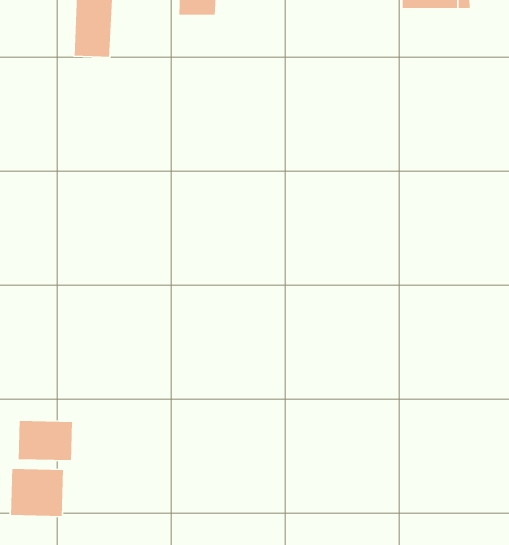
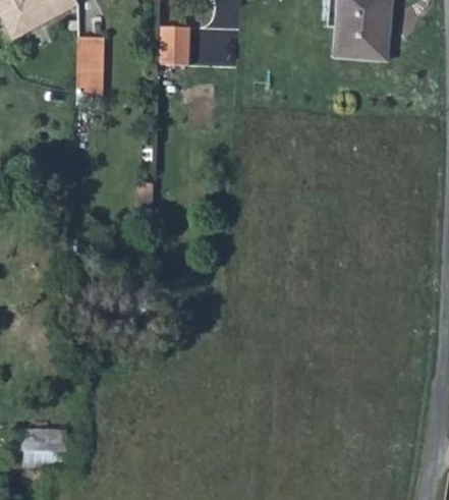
building: [18,420,73,461] -> none

